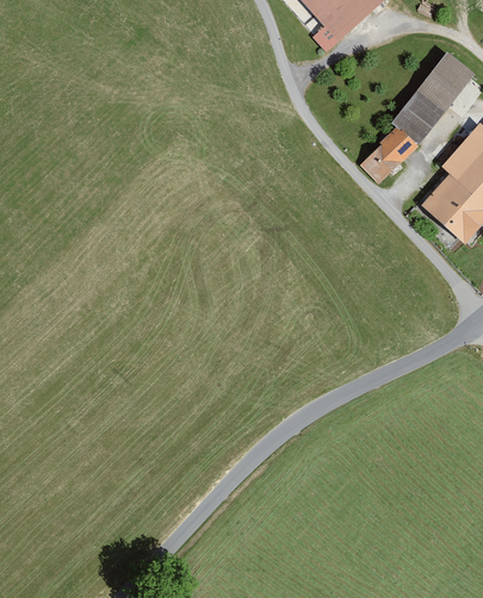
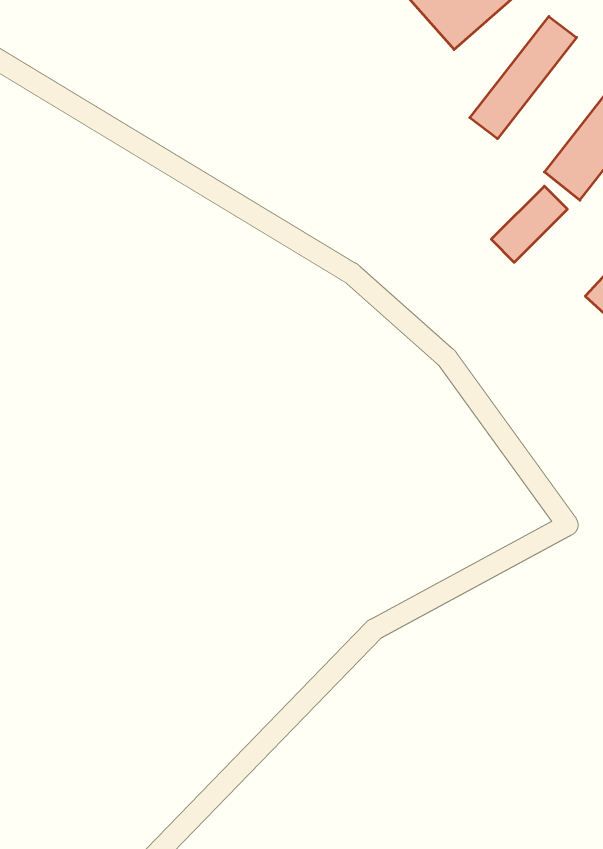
building: none -> [470,16,577,139]

